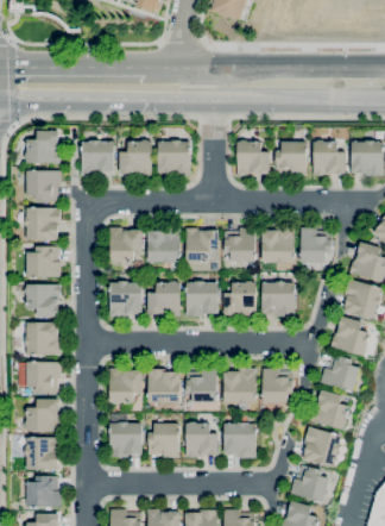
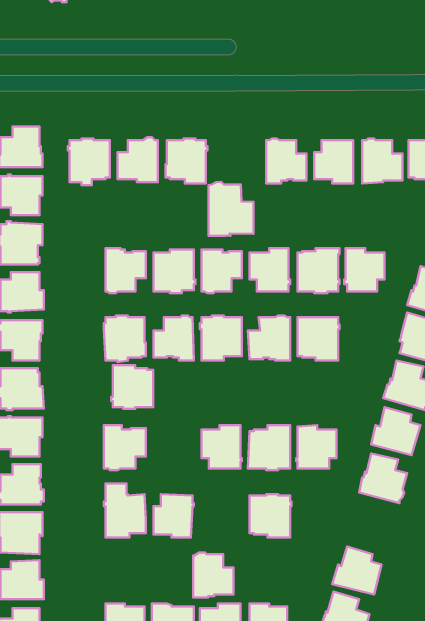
building: none -> [208,182,253,236]
building: [147,370,181,405] -> [111,365,153,409]
building: [187,422,219,458] -> [193,553,234,598]
building: [303,427,341,468] -> none

